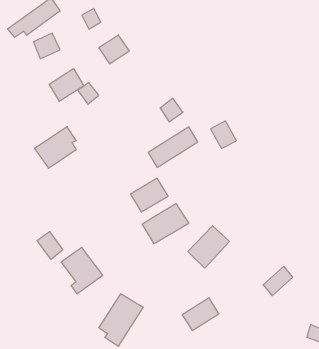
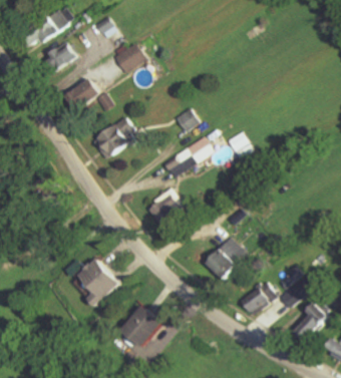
building: [35,127,76,168] -> [91,116,133,158]
building: [142,204,189,244] -> none
building: [37,232,63,259] -> none
building: none -> [293,301,327,341]
building: [182,298,219,331] -> [240,282,277,315]

